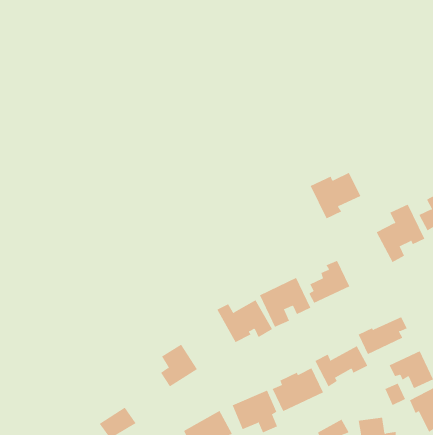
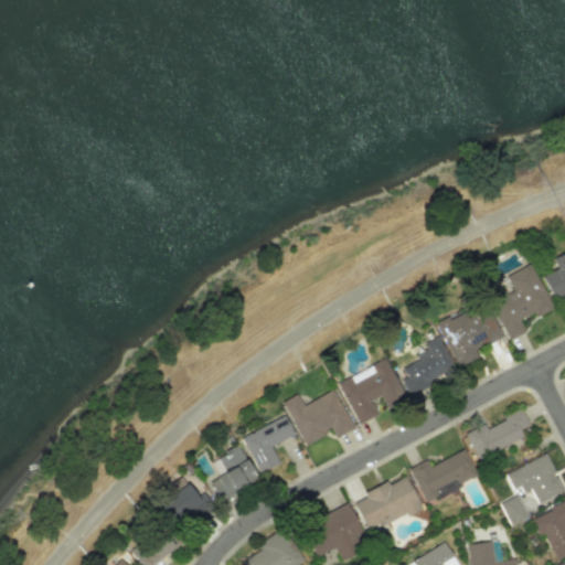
building: [310,172,361,219] -> [438,307,504,367]
building: none -> [243,415,296,473]
building: none -> [162,484,214,530]

